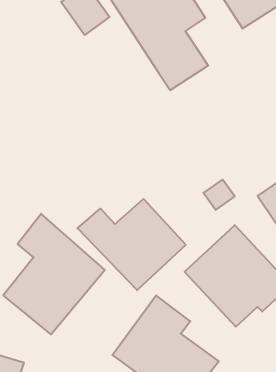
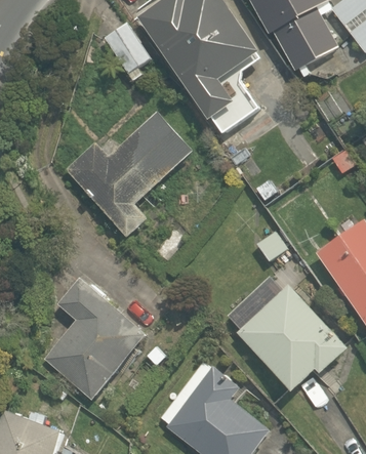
building: none -> [59,121,185,236]
building: [77,199,186,290] -> none

